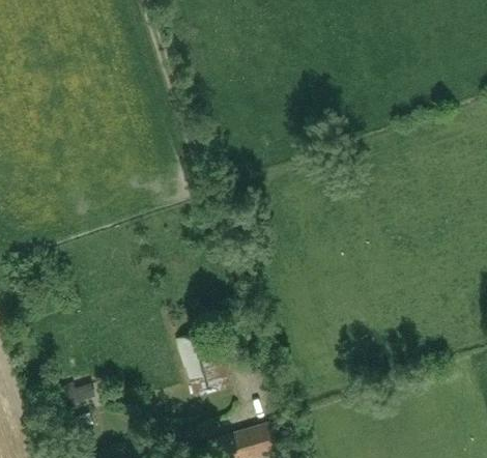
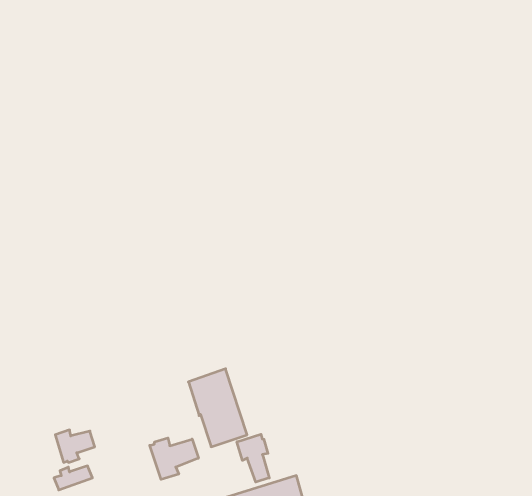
building: none -> [237,434,269,482]
building: none -> [150,438,198,479]

